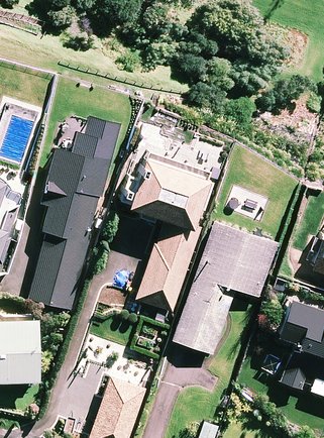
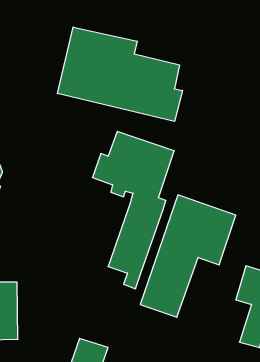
building: none -> [58,27,182,121]
building: [29,128,115,310] -> none

